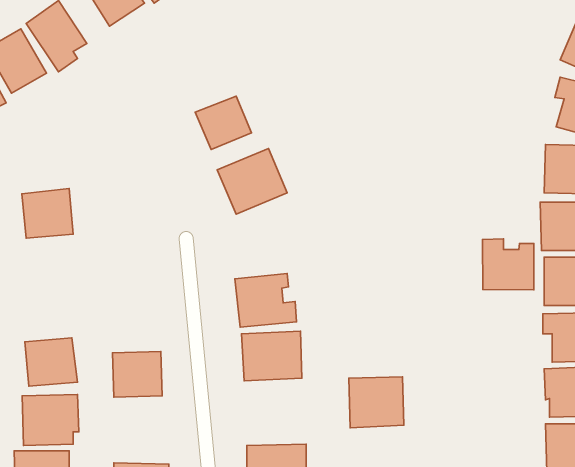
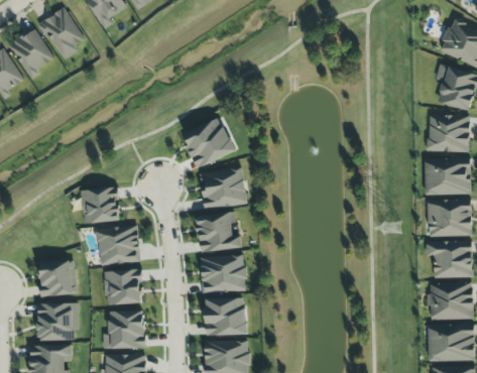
building: [195,96,251,150] -> none
building: [22,188,73,238] -> [81,186,119,224]
building: none -> [199,167,247,210]
building: [482,239,534,290] -> none
building: none -> [97,226,140,264]
building: [349,377,404,428] -> [205,297,246,336]
building: none -> [103,310,145,348]

